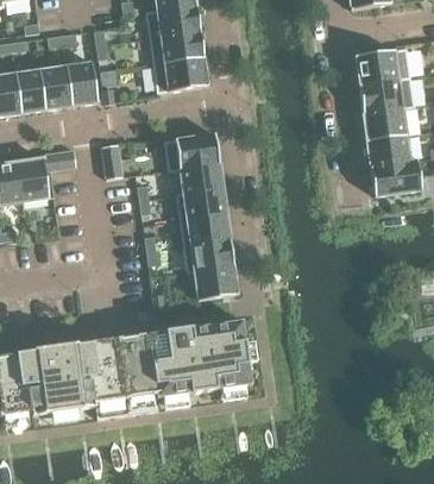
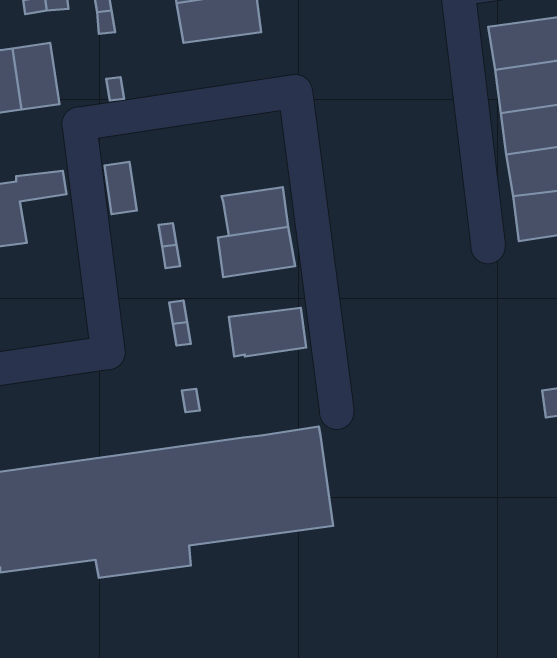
building: [153,58,208,93] -> none
building: [65,62,99,106] -> none
building: [164,133,219,171] -> none
building: [180,213,231,246] -> none
building: [194,266,238,300] -> none

